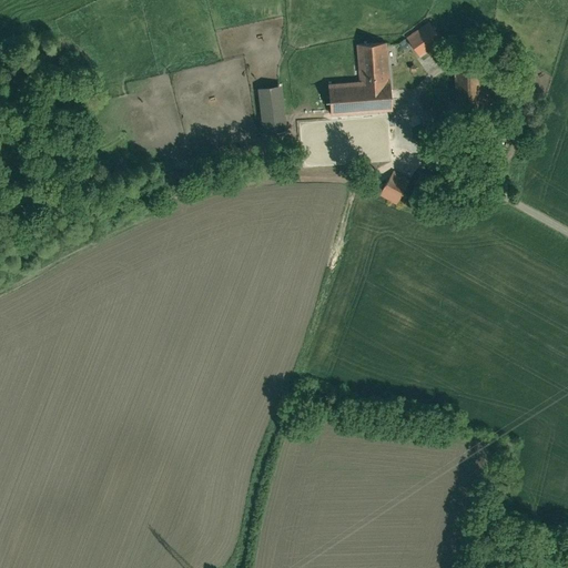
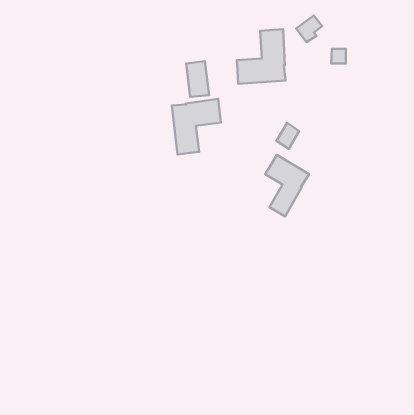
building: none -> [172,99,221,154]
building: none -> [265,155,309,217]

